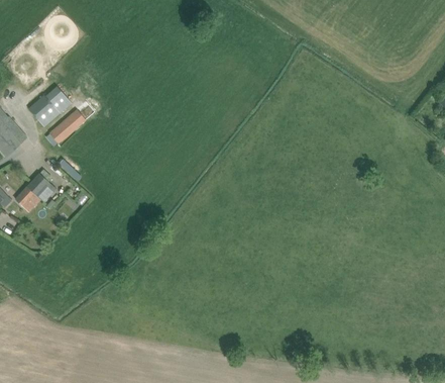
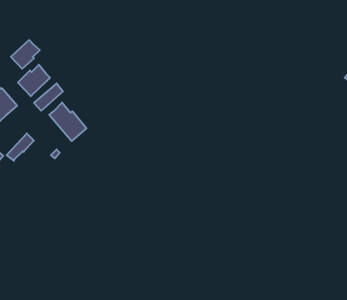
building: none -> [11,40,40,69]
building: none -> [49,102,86,141]

